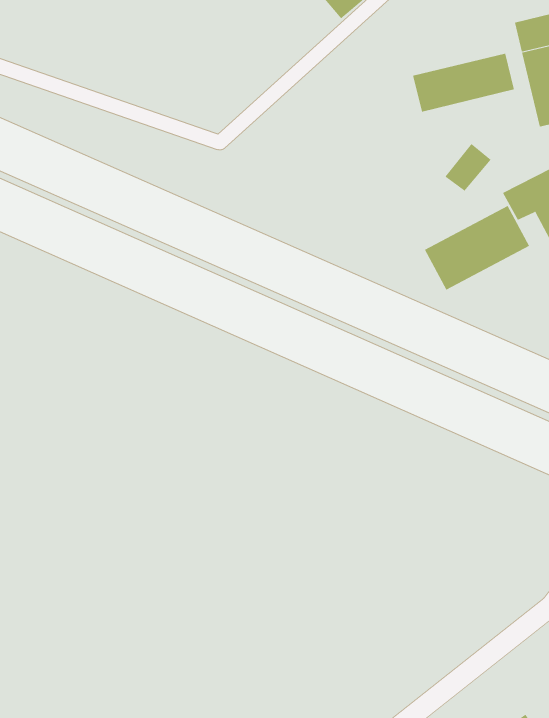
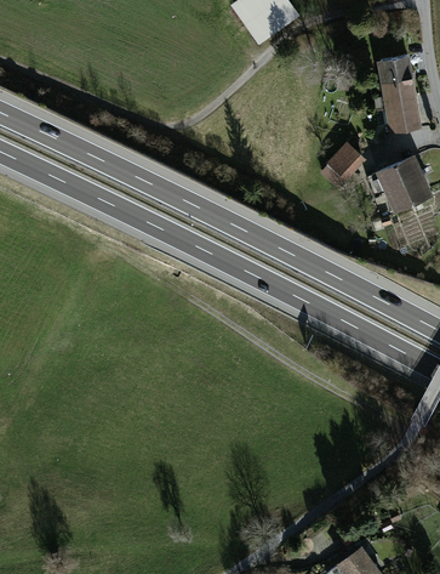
building: [413,53,515,112] -> none
building: [424,205,530,291] -> none

